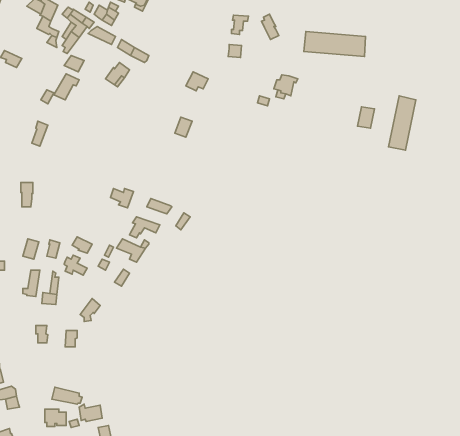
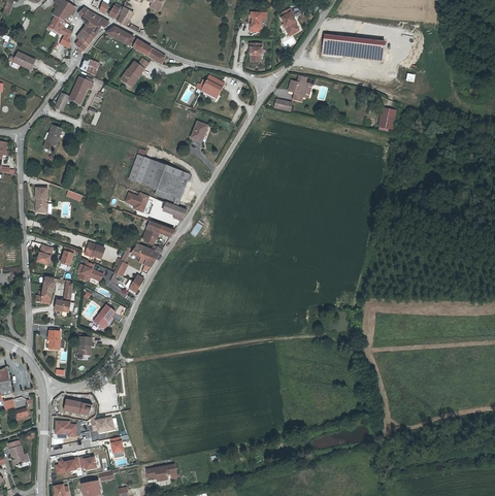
building: [388,96,416,150] -> none
building: none -> [128,156,189,204]

